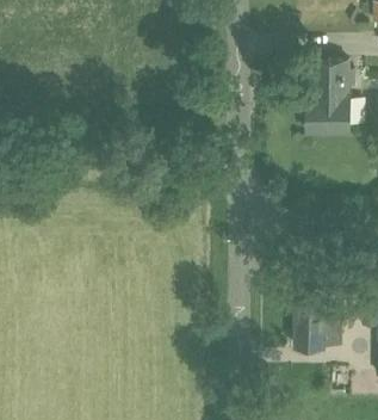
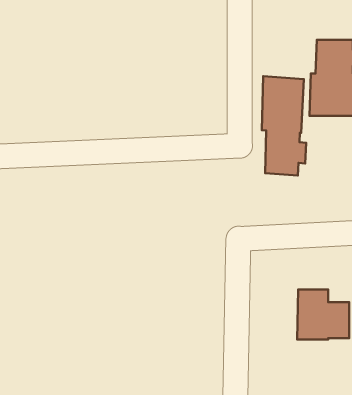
building: none -> [262,76,306,176]

